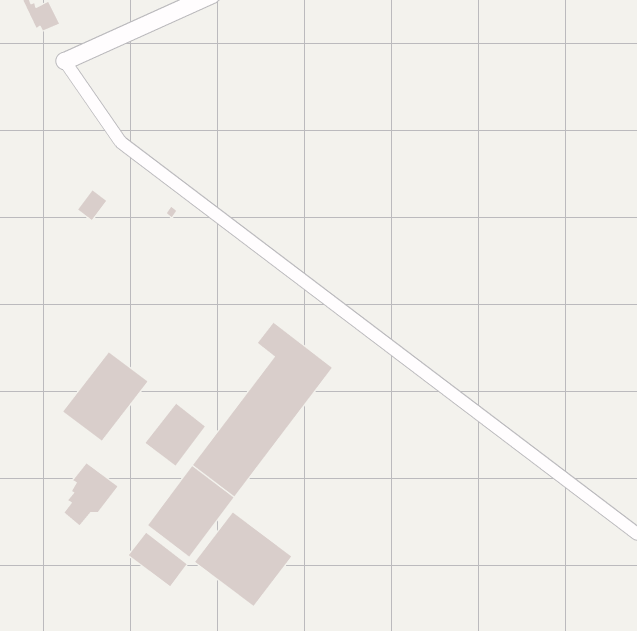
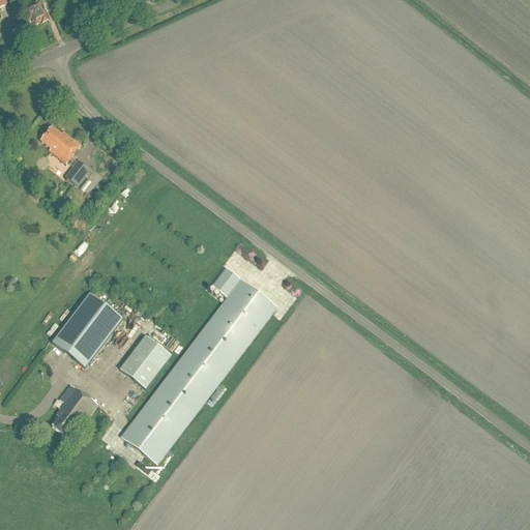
building: none -> [40,124,80,163]
building: [194,512,292,607] -> none
building: [128,532,188,587] -> none

